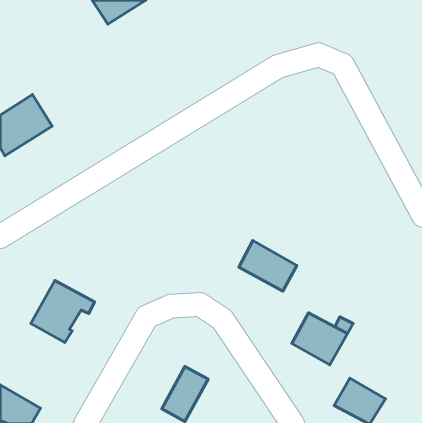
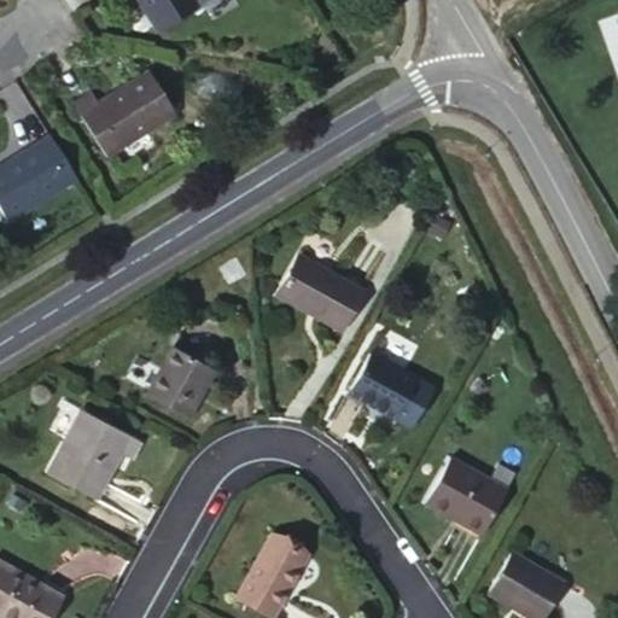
building: none -> [75,76,175,162]
building: none -> [279,255,363,327]
building: none -> [147,346,217,416]

